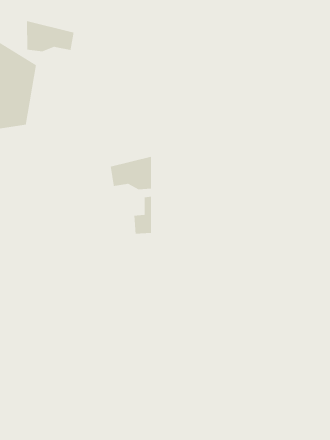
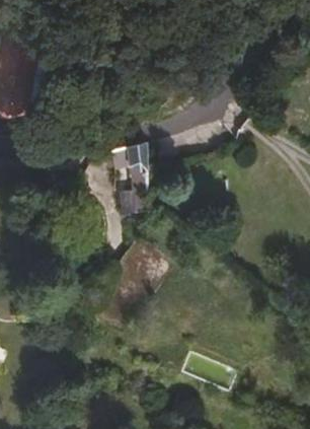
building: [26,20,75,52] -> none

